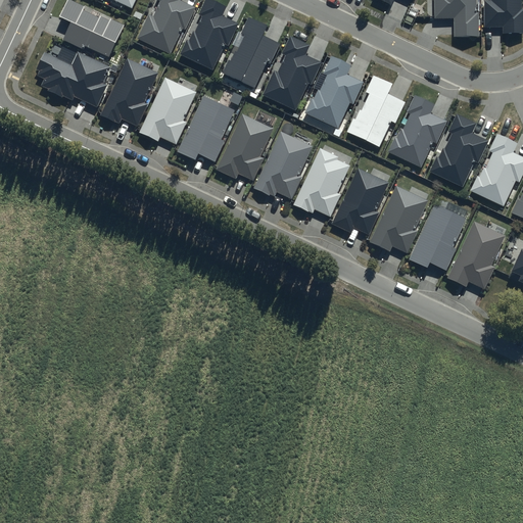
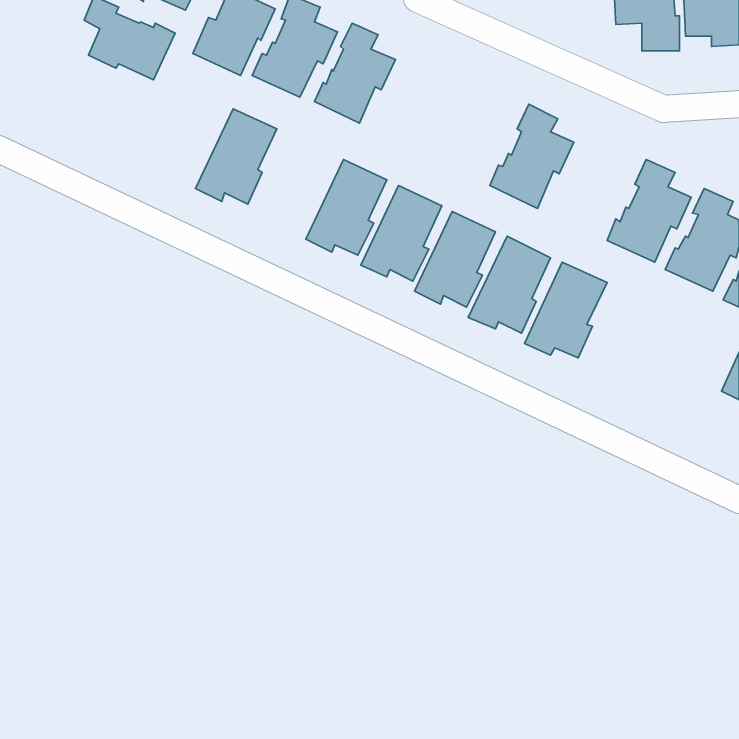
building: [262,36,322,108] -> none
building: [35,50,110,105] -> none
building: [302,55,363,128] -> none
building: [100,58,157,126] -> none
building: [177,94,234,161] -> none
building: [386,94,445,167] -> none
building: [408,201,466,269] -> none
building: [446,221,505,288] -> none

